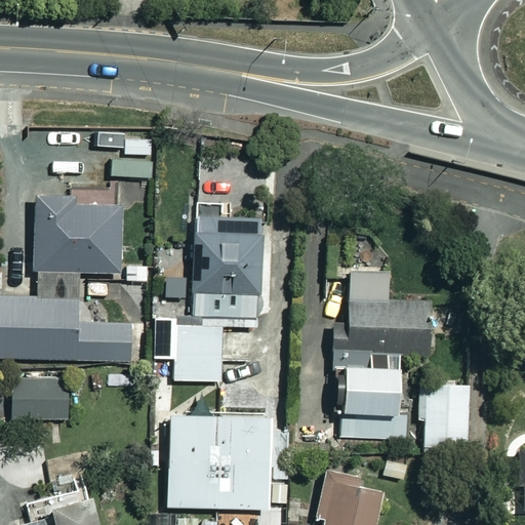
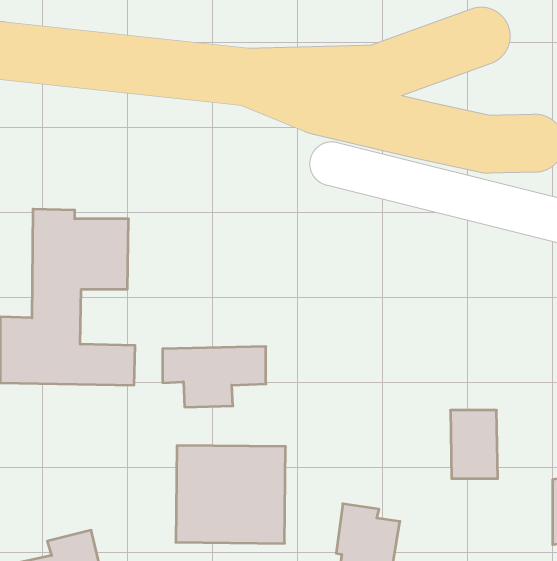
building: [193,214,259,316] -> none
building: [332,272,426,439] -> none
building: [12,374,72,419] -> none

